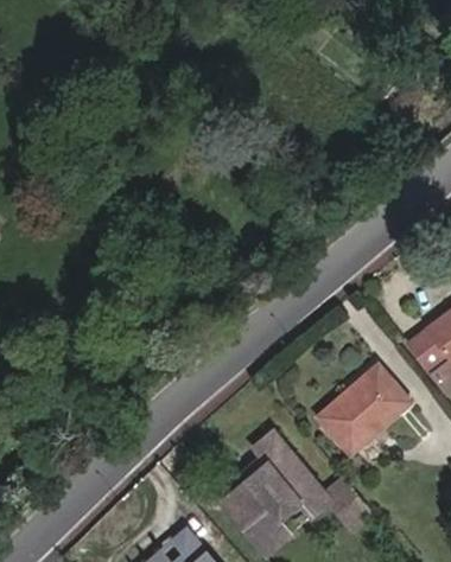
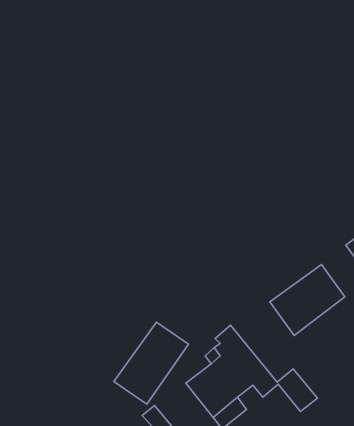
building: none -> [114,322,188,404]

